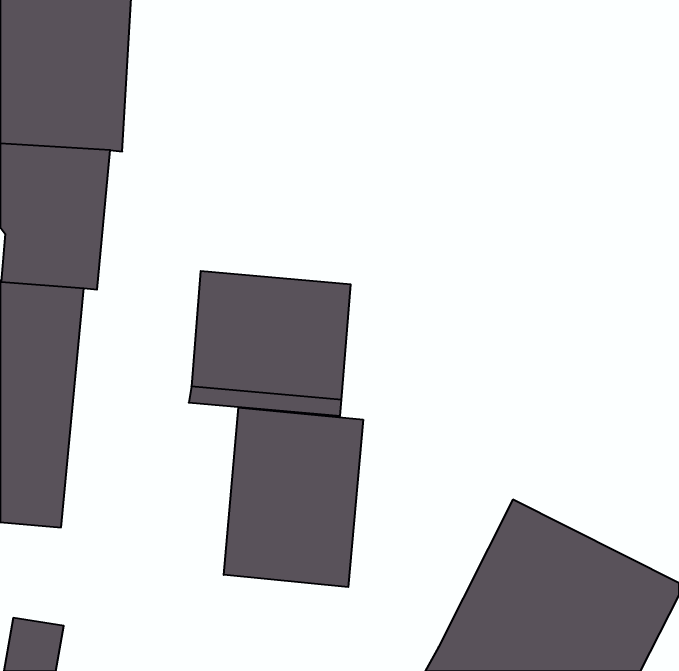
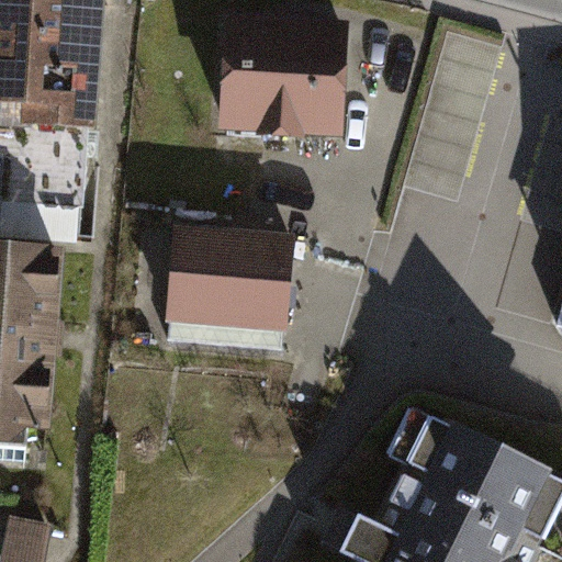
building: none -> [215,12,341,138]
building: [224,408,363,587] -> none

